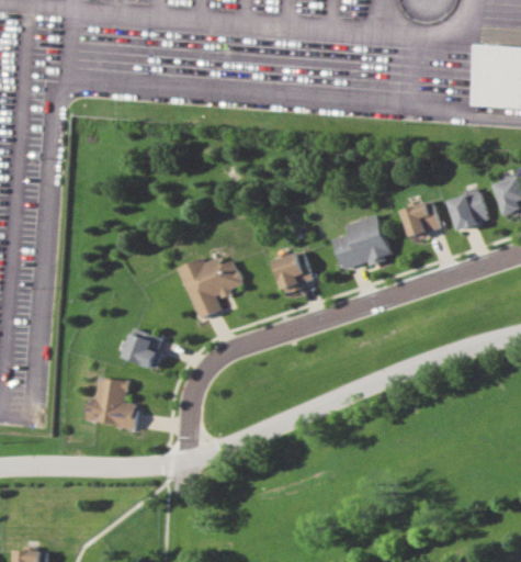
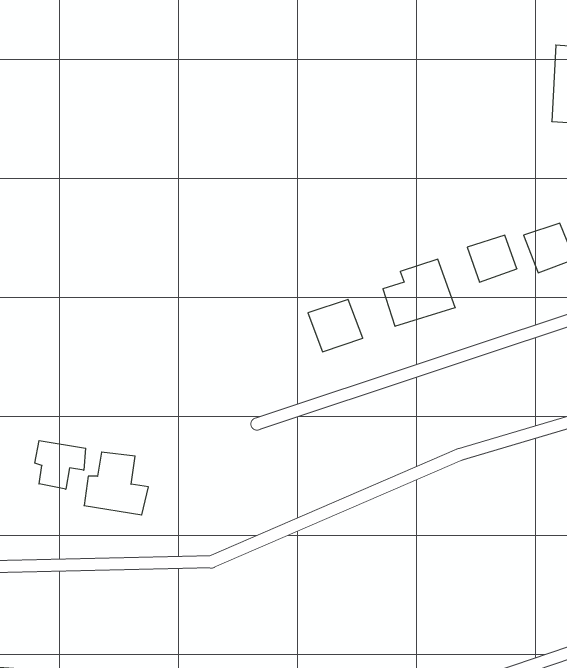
building: [177,255,240,313] -> none
building: [124,326,162,366] -> none
building: none -> [35,441,86,489]

